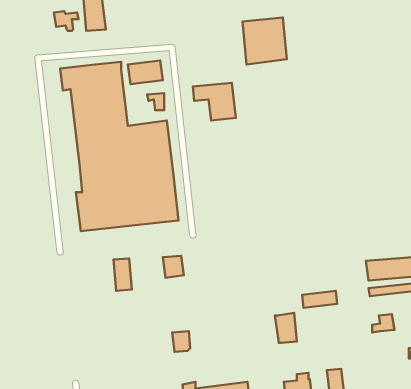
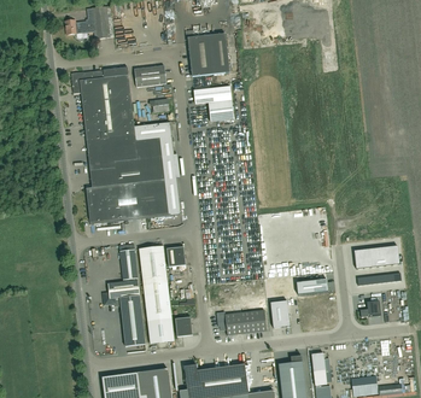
building: [242,18,287,64] -> [188,34,229,77]
building: none -> [139,244,174,344]
building: none -> [103,281,145,346]
building: none -> [216,311,267,335]

